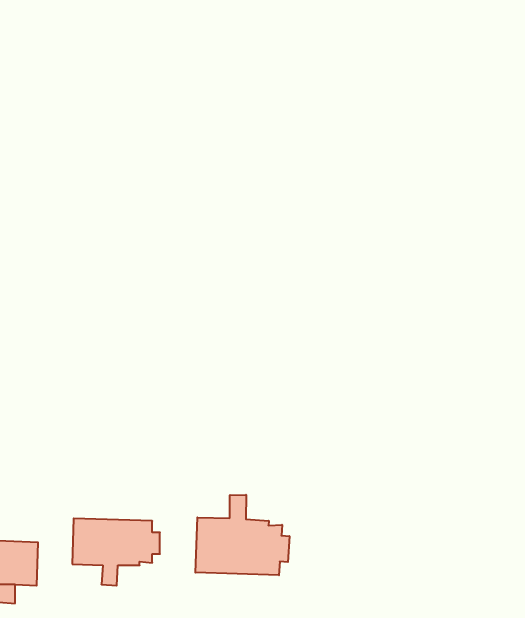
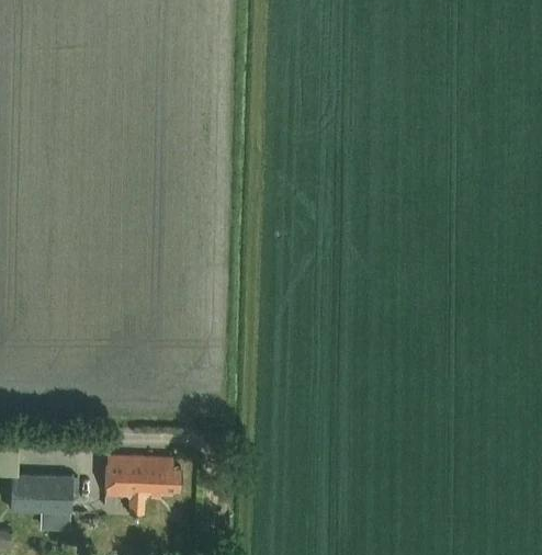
building: [195,495,289,575] -> none

